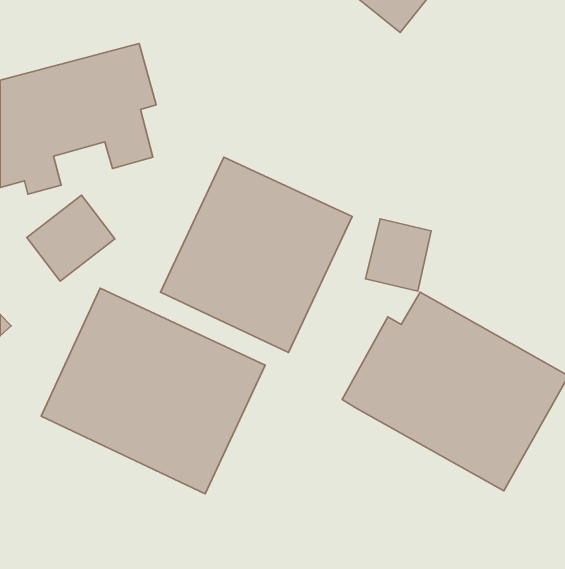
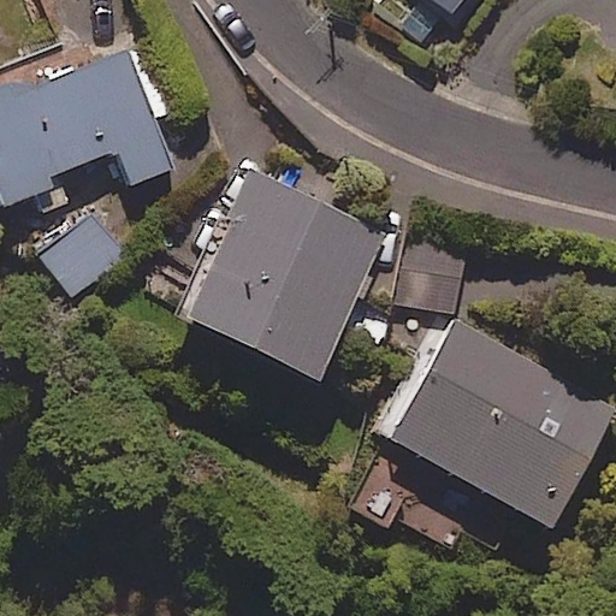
building: [41,288,265,494] -> none

